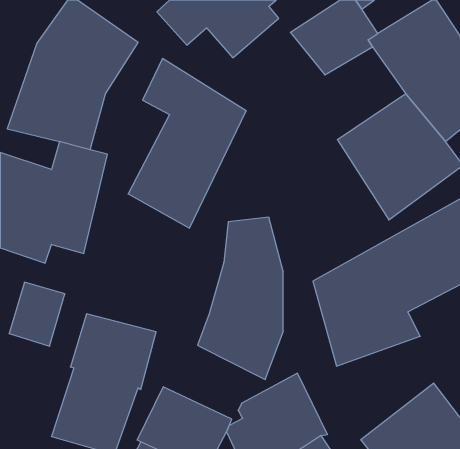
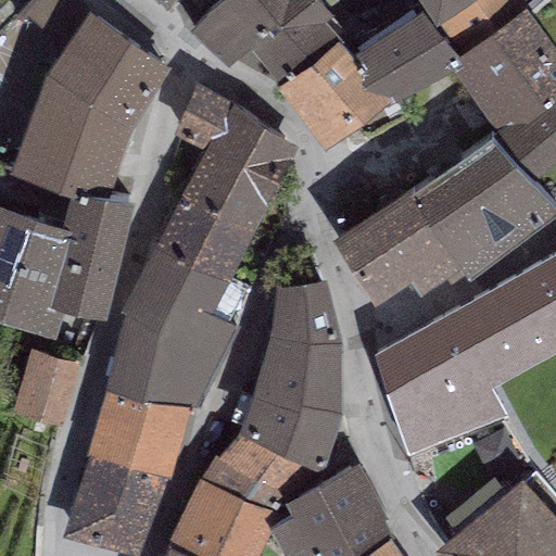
building: none -> [276,36,392,152]
building: none -> [331,182,469,299]
building: none -> [105,248,244,414]
building: none -> [198,432,312,519]

